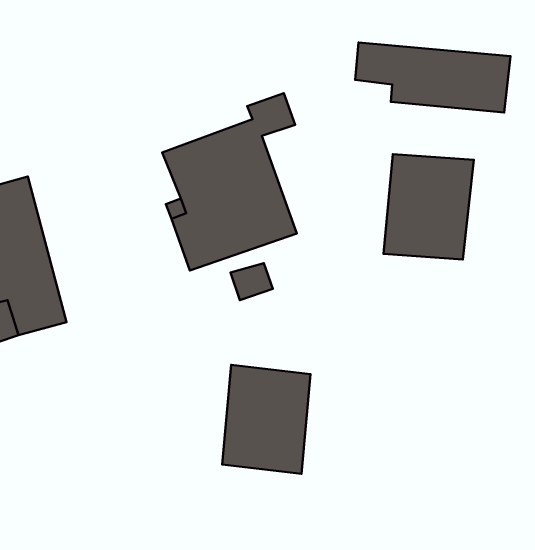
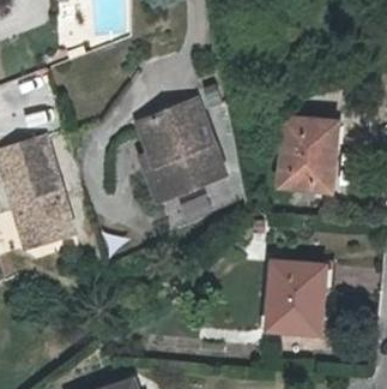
building: [355,42,510,112] -> none
building: [222,365,311,474] -> [265,262,322,333]

